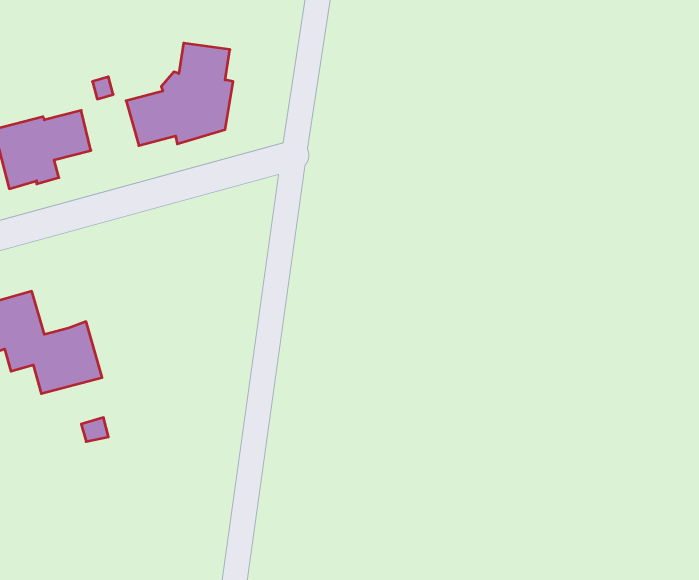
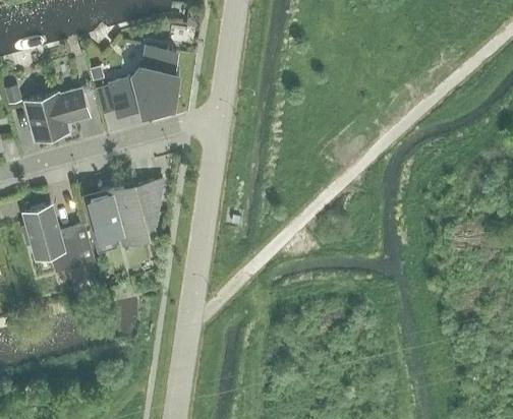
building: none -> [84,180,163,242]

